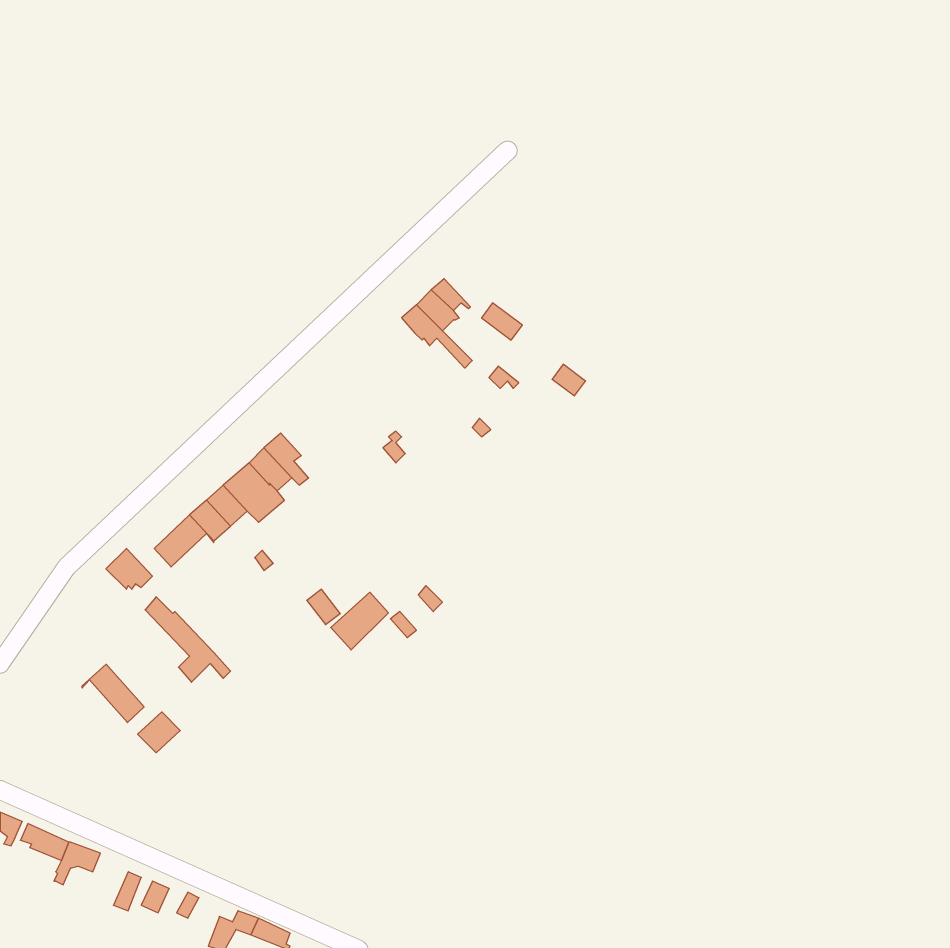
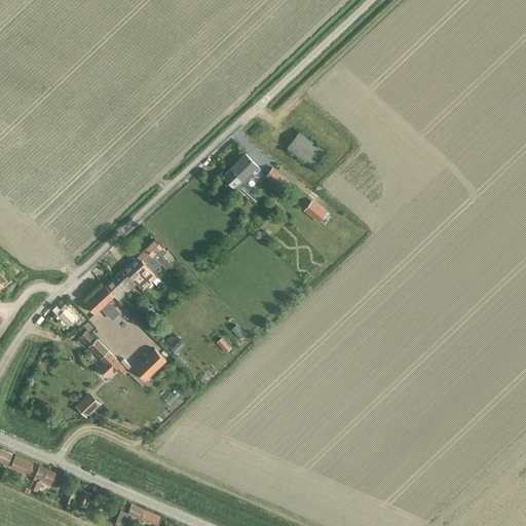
building: none -> [287,133,325,167]
building: [331,592,388,650] -> [134,349,165,381]
building: [82,664,144,723] -> none

